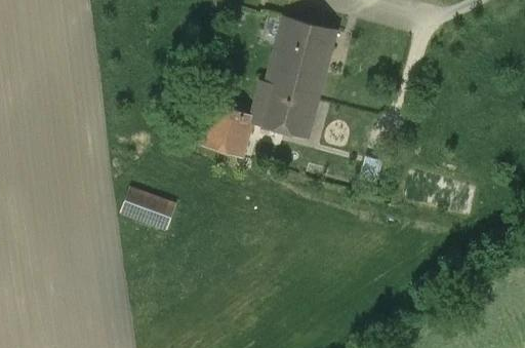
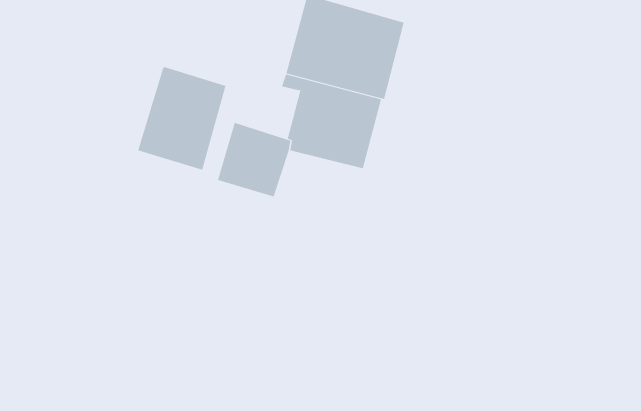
building: none -> [137,66,226,170]
building: [121,187,176,229] -> none

